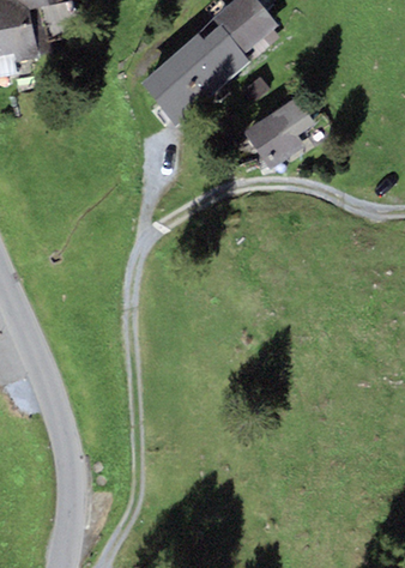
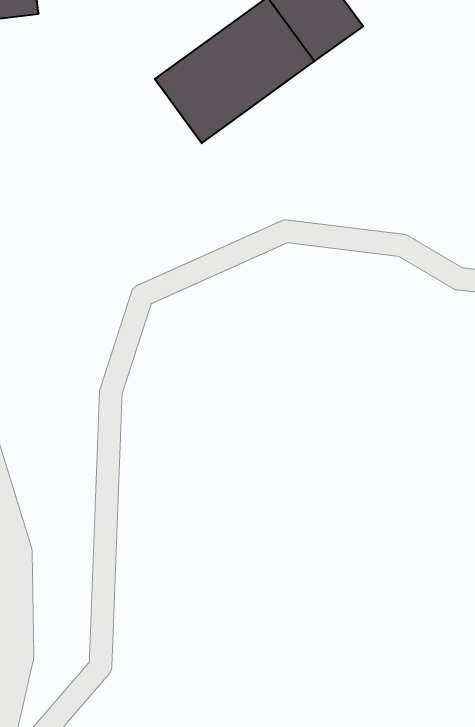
building: [243,97,320,169] -> none

